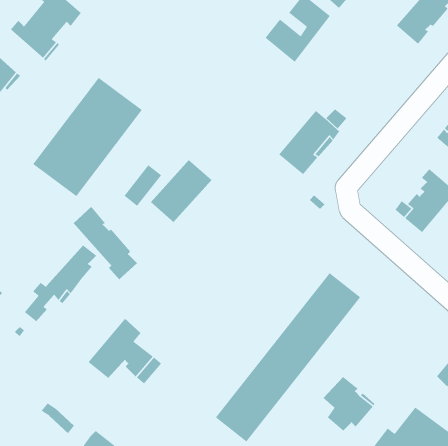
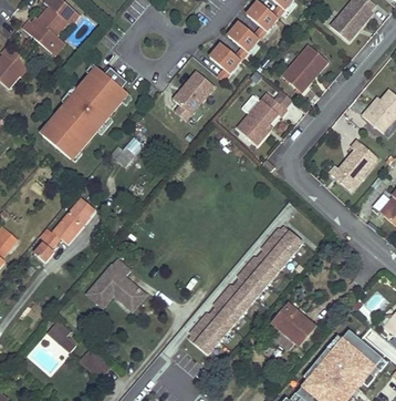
building: none -> [209,42,242,82]
building: none -> [282,44,327,92]
building: [150,159,212,223] -> [166,70,216,121]
building: [73,206,138,280] -> none

